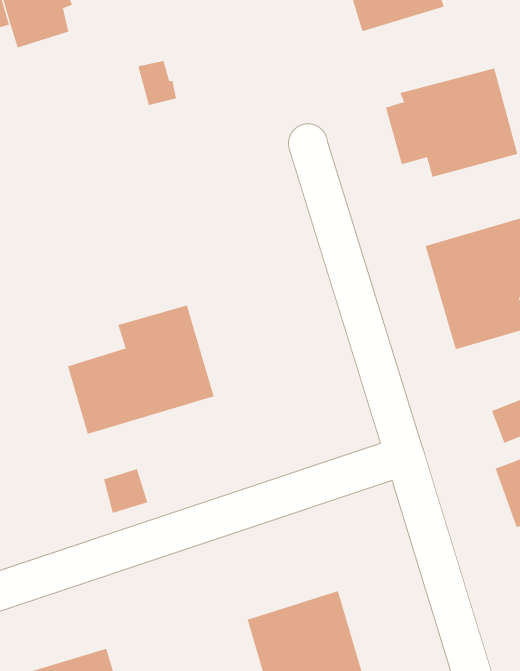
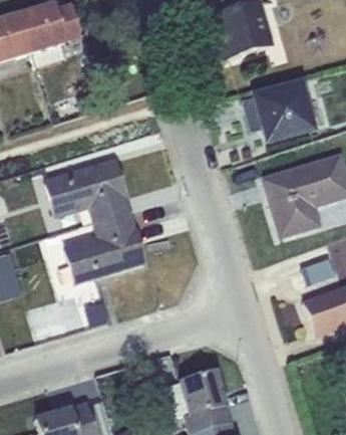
building: none -> [43,160,130,222]

